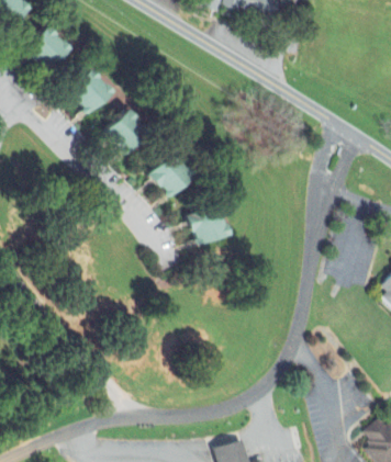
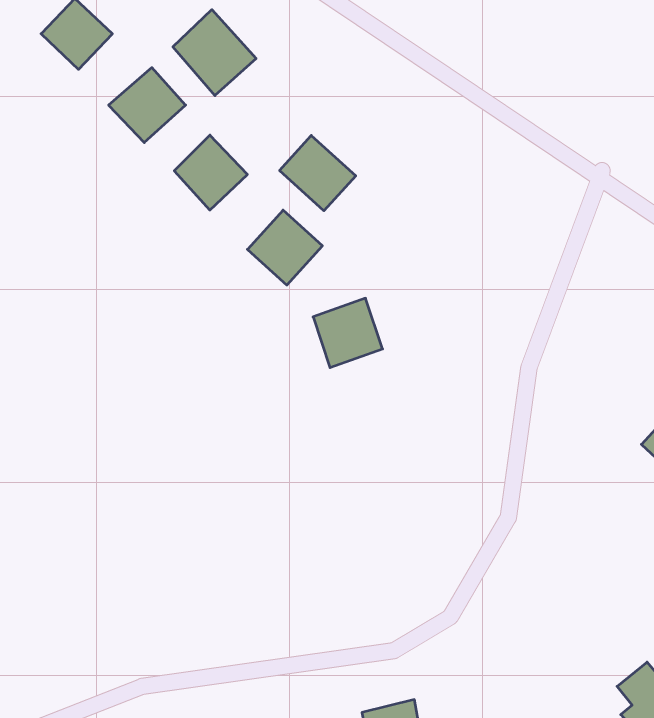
building: none -> [173,10,256,96]
building: none -> [280,135,356,211]

